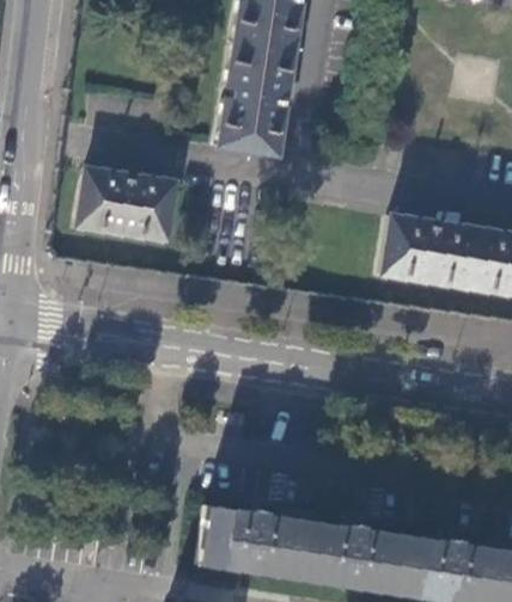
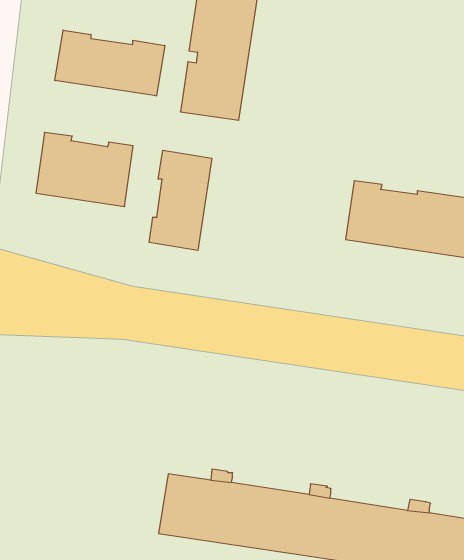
building: none -> [55,30,165,96]
building: none -> [149,150,212,250]

